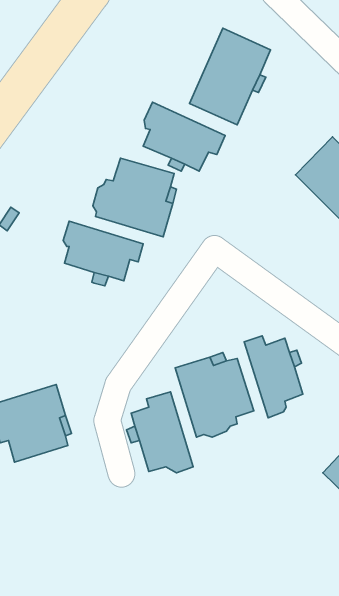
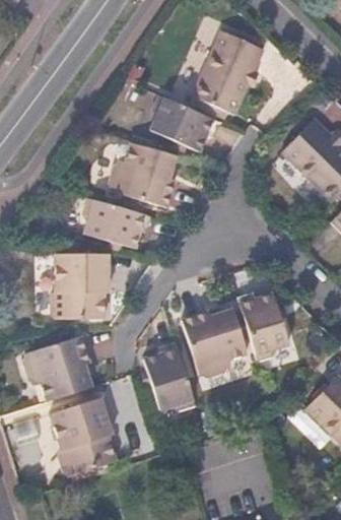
building: none -> [53,252,112,316]
building: none -> [50,397,115,474]

